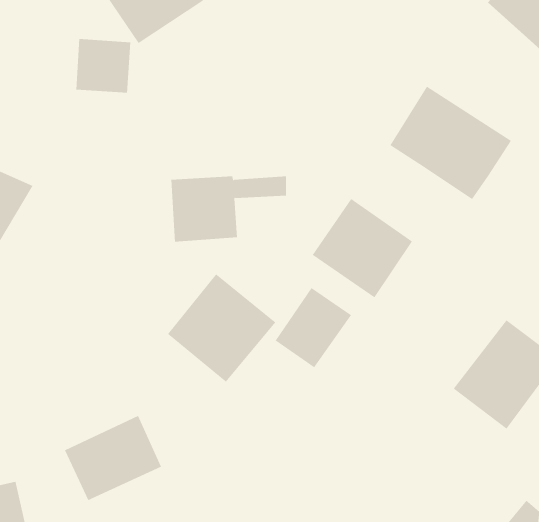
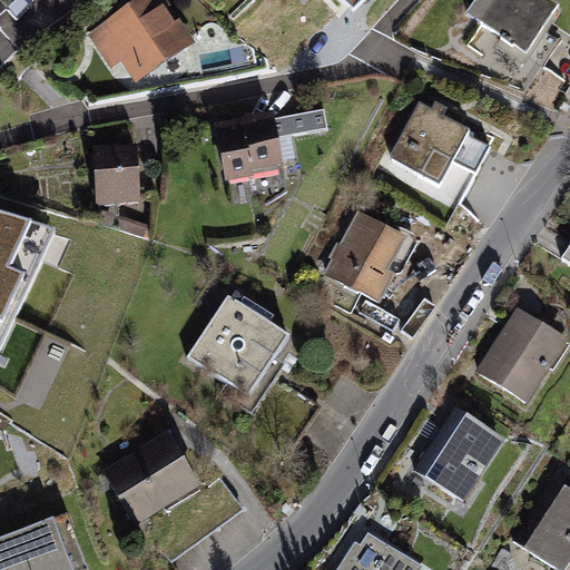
building: [75,39,131,93] -> [92,148,145,199]
building: [170,176,287,242] -> [214,107,326,181]
building: [275,287,352,368] -> none
building: none -> [415,413,503,503]

